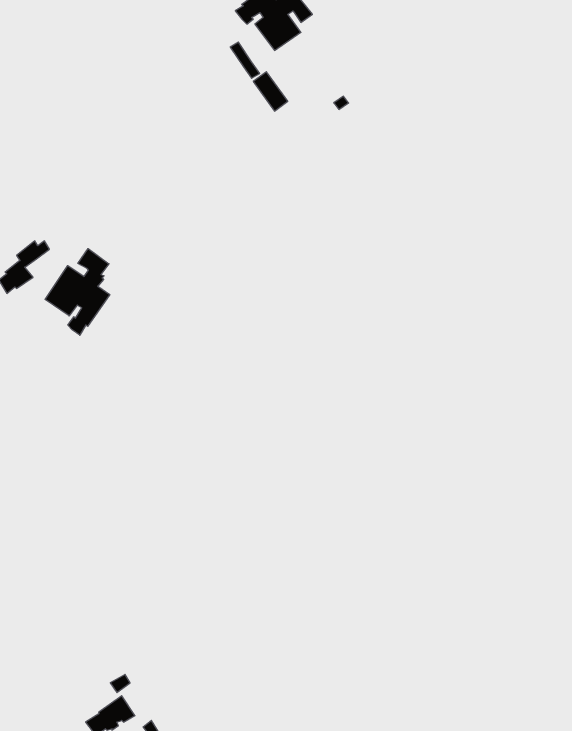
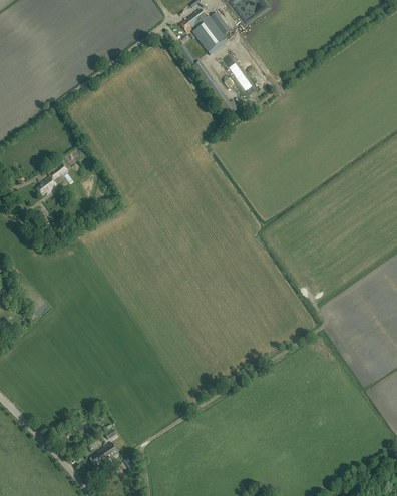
building: [45,249,110,335] -> none

